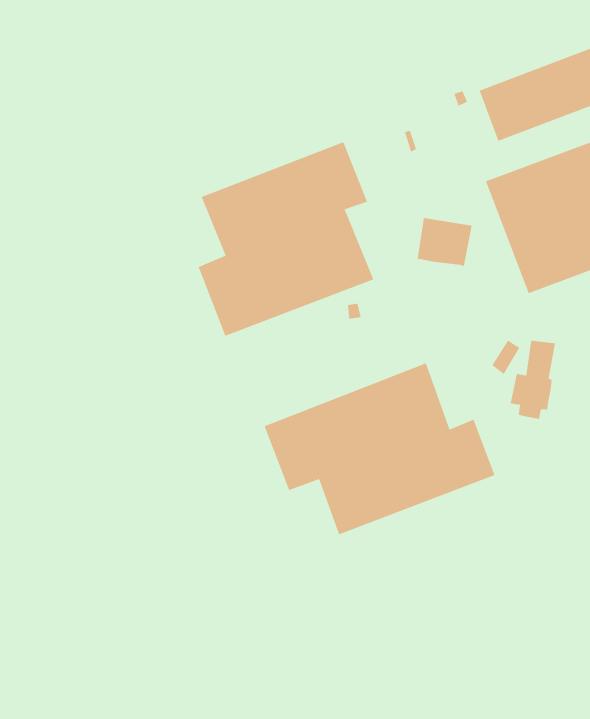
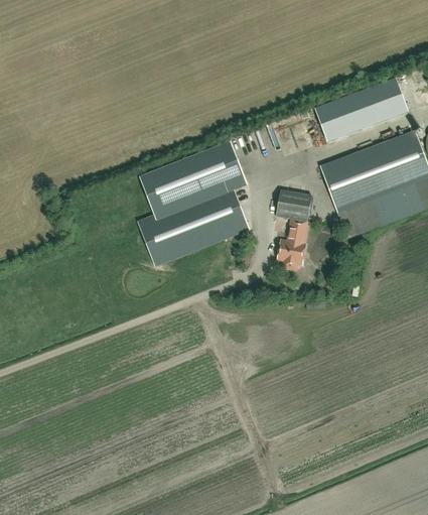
building: [510,340,556,419] -> [277,219,306,269]
building: [264,363,495,535] -> none

